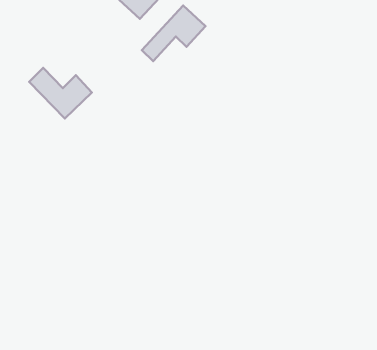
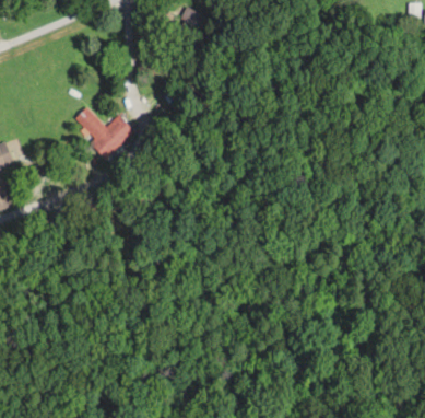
building: [142,6,206,61] -> none

